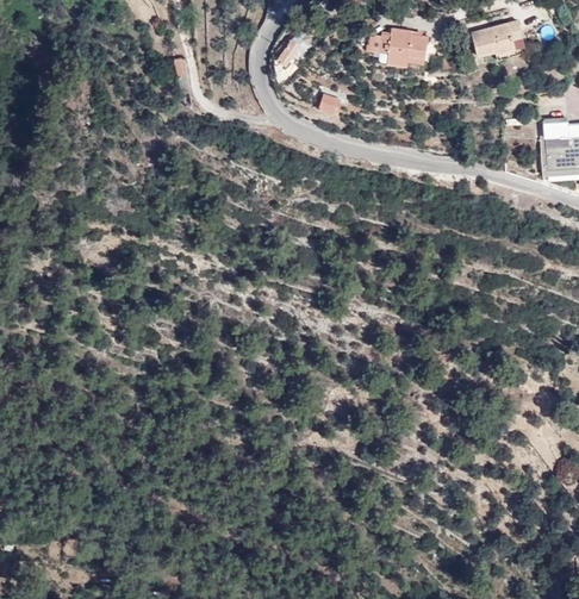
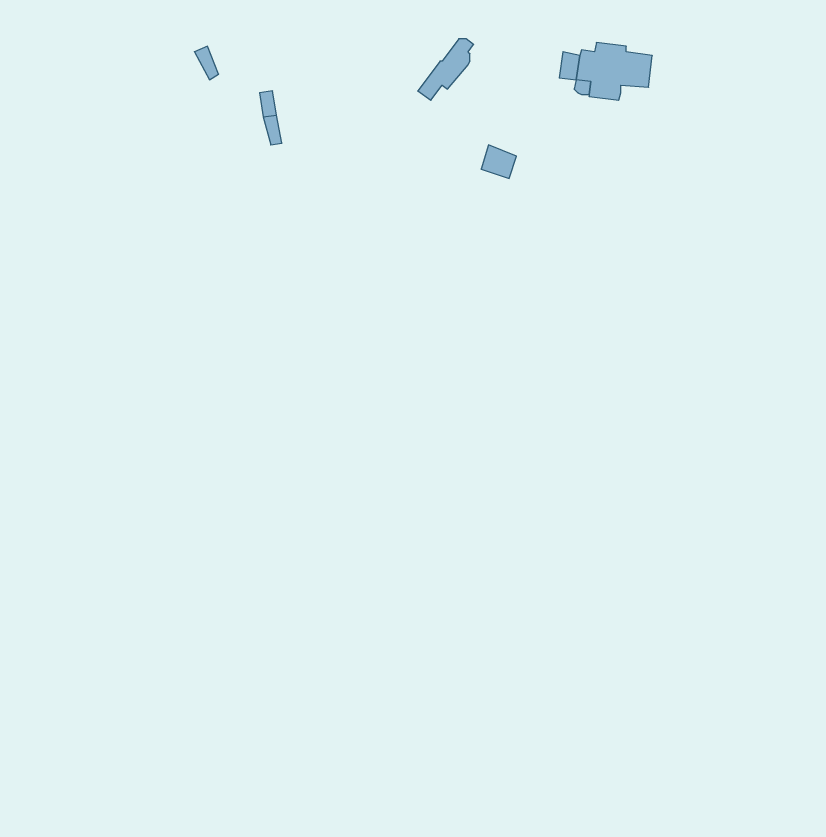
building: [471,20,521,56] -> none

